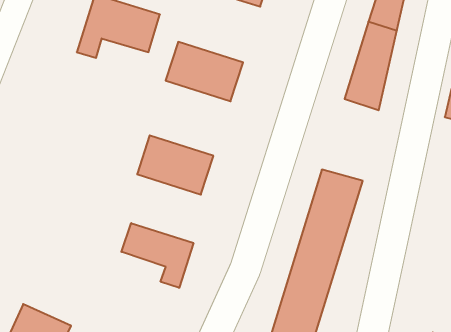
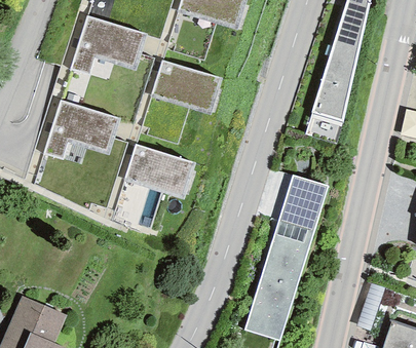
building: none -> [44,100,120,157]
building: [121,223,193,288] -> none

